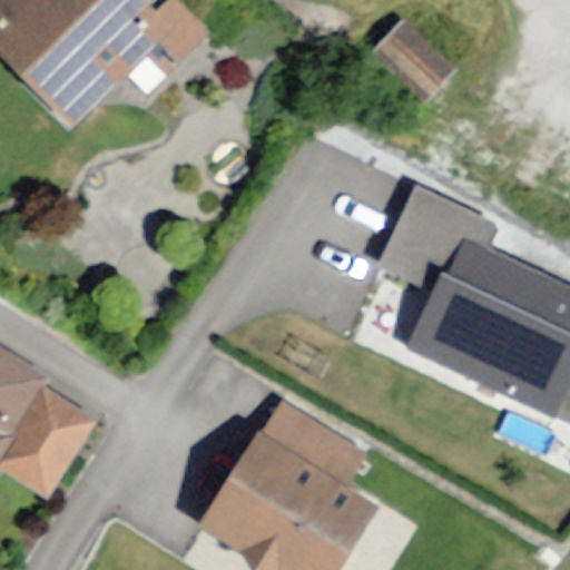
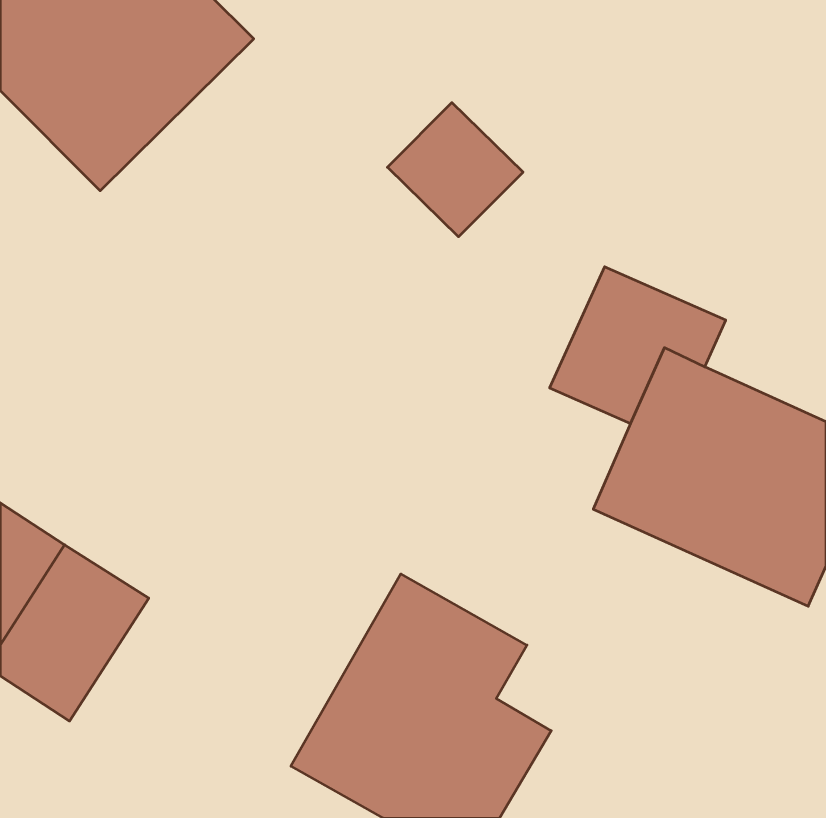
building: [365,17,459,109] -> [387,103,523,237]

